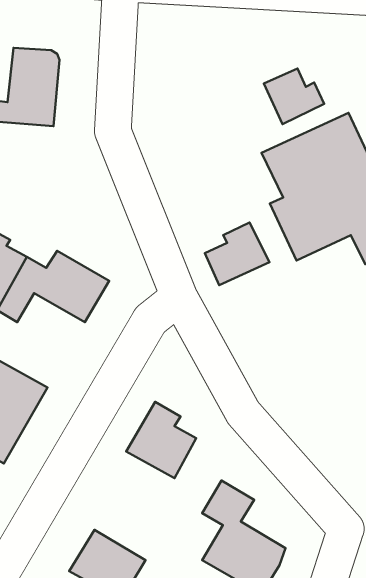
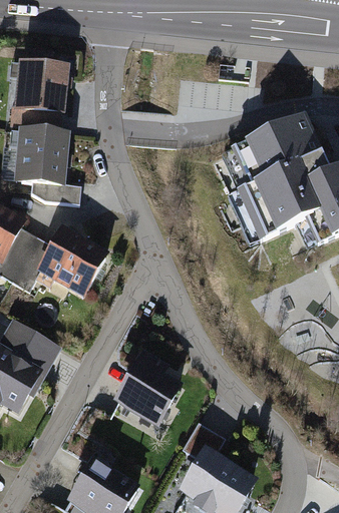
building: [264,68,324,124] -> none
building: none -> [19,129,80,202]
building: [205,223,269,285] -> none

